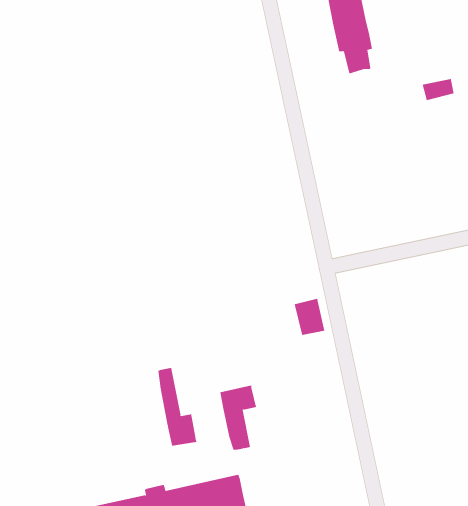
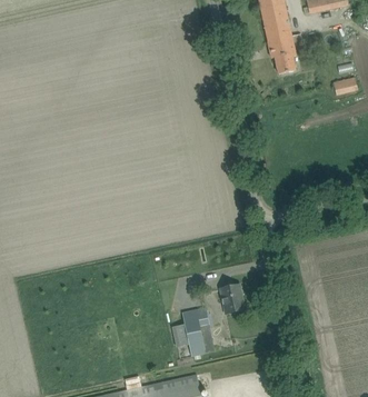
building: [294,298,325,335] -> [220,284,243,311]
building: [158,367,197,447] -> none

